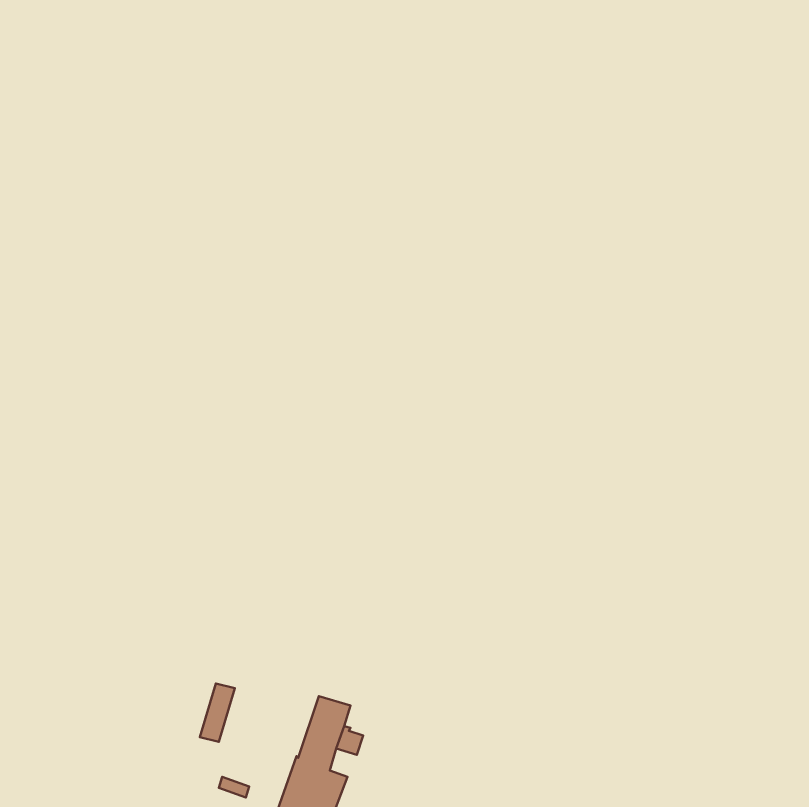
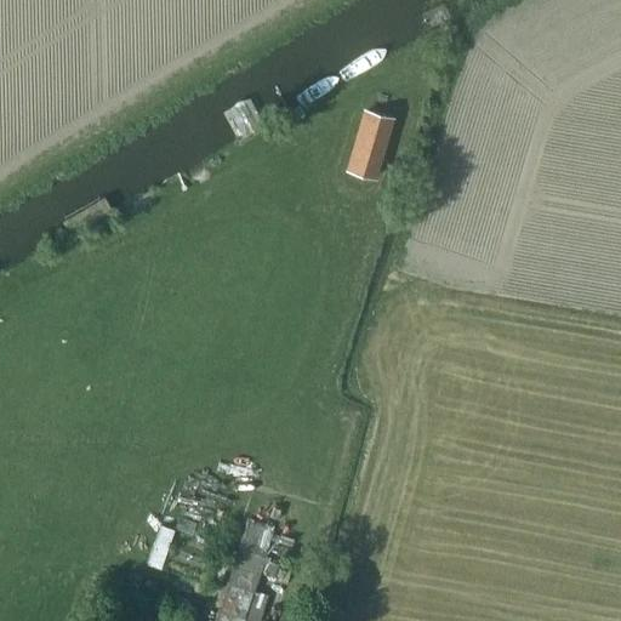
building: none -> [349,113,392,178]

